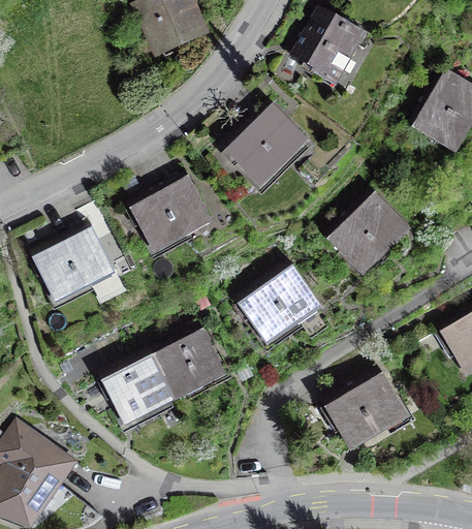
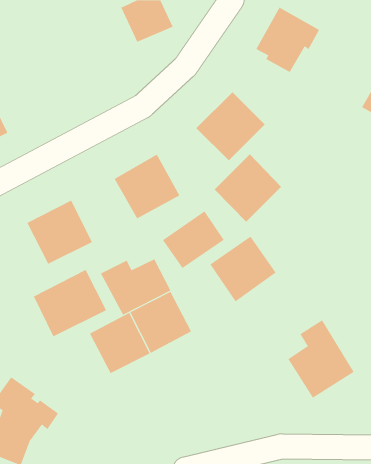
building: [329,194,406,272] -> [214,154,282,223]
building: none -> [162,211,224,269]
building: none -> [100,258,171,316]
building: none -> [33,269,107,337]

